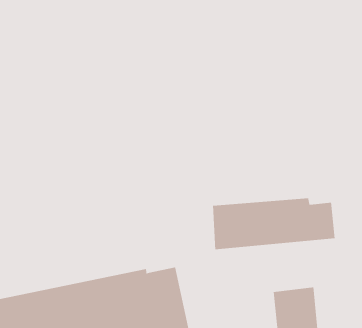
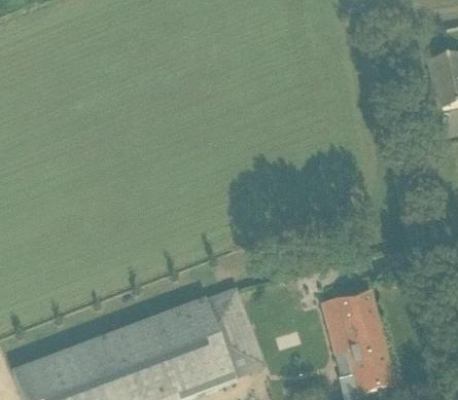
building: [212,197,335,250] -> none

